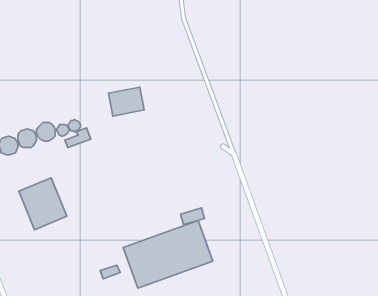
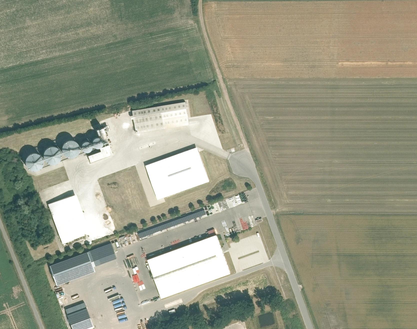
building: none -> [144,146,210,199]
building: none -> [50,243,118,285]

